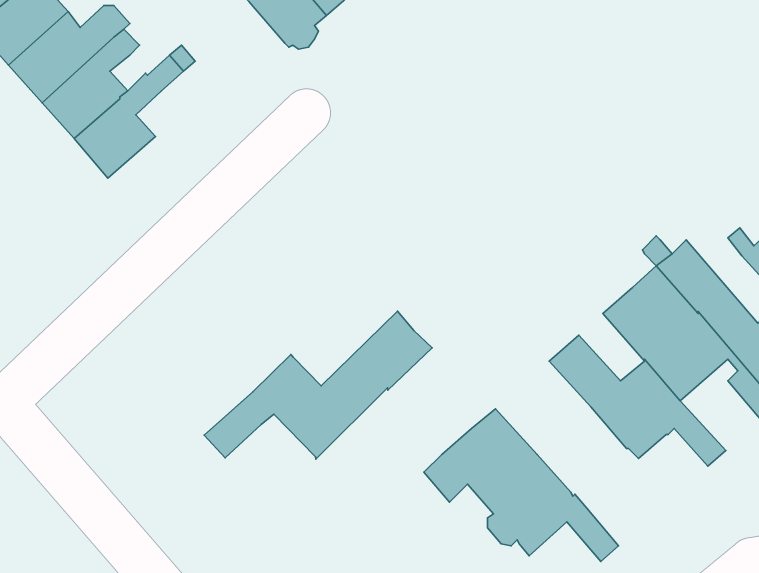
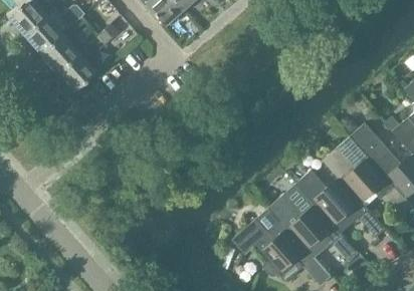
building: [204,311,432,459] -> none
building: none -> [269,184,359,261]

